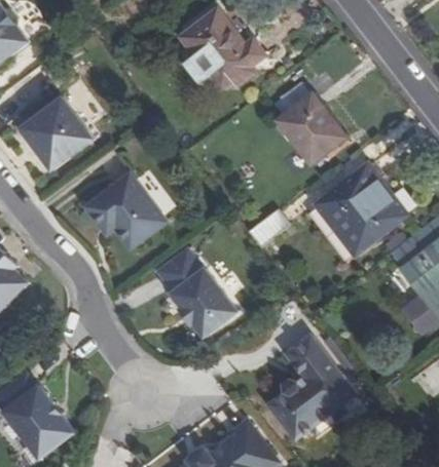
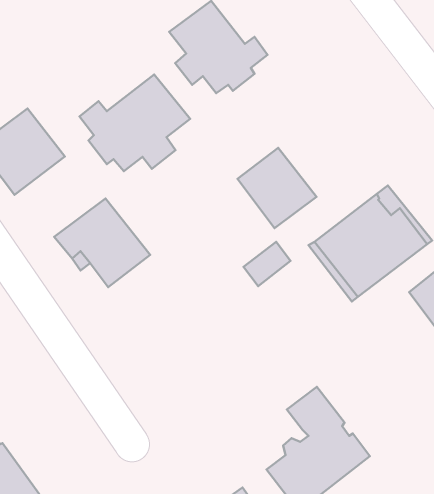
building: none -> [80,75,190,171]
building: [279,95,346,164] -> [237,148,317,228]
building: [152,247,240,341] -> none

